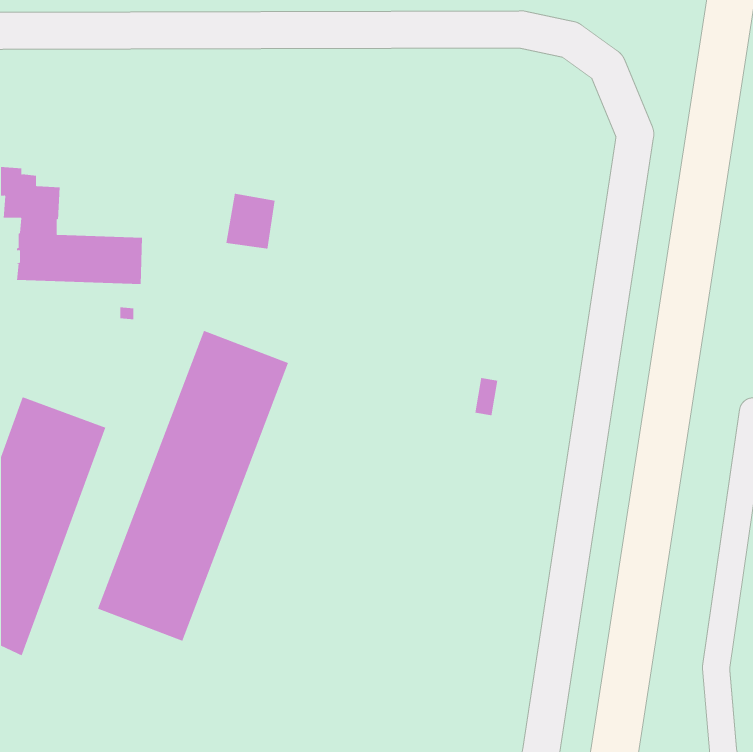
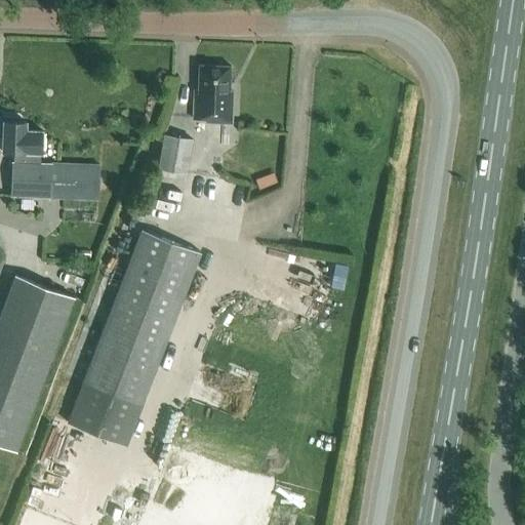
building: none -> [193,66,233,125]

